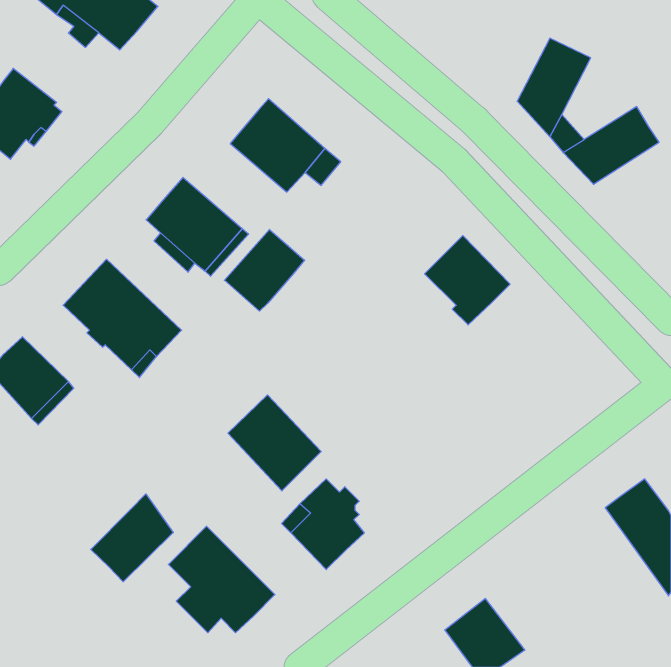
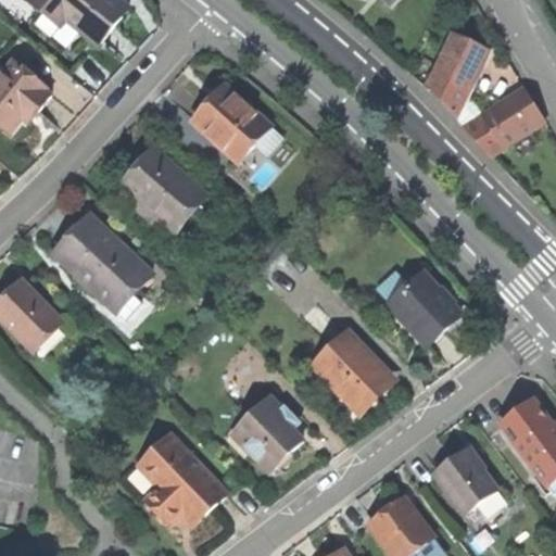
building: [224,229,305,311] -> none
building: [425,236,510,325] -> [389,269,459,343]
building: [228,395,321,491] -> [314,331,391,410]
building: [91,494,173,582] -> none
building: none -> [432,446,506,516]

